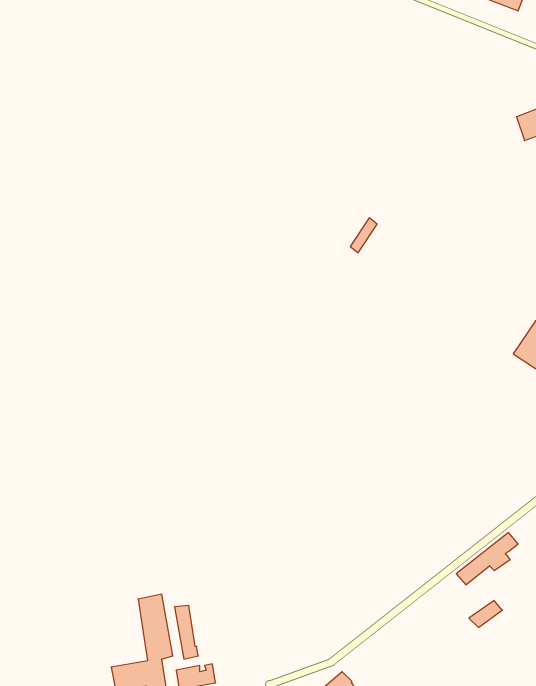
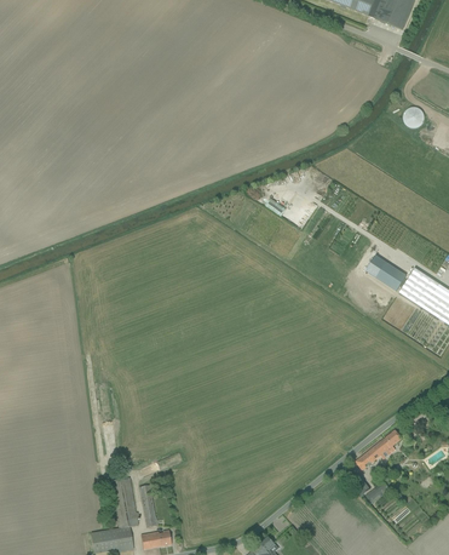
building: none -> [365,253,405,288]

